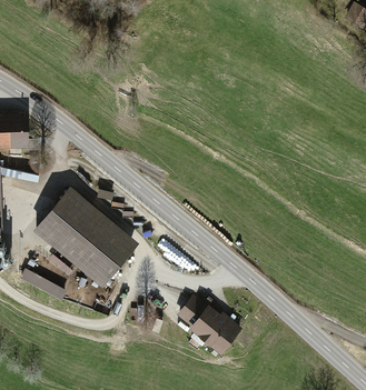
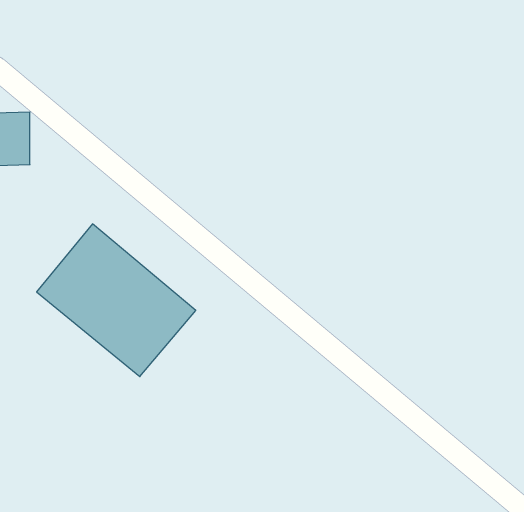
building: [176,294,243,354] -> none

